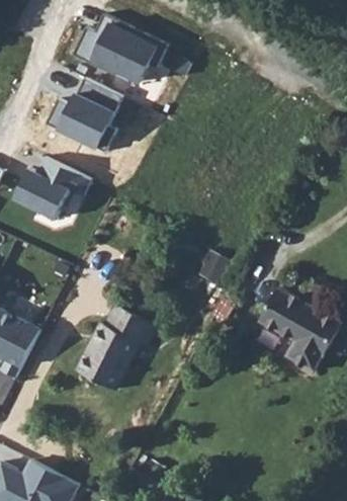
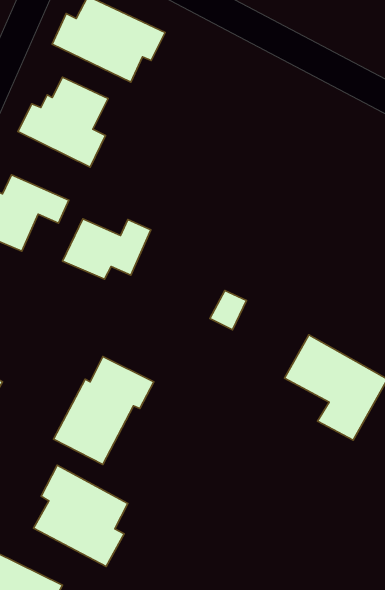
building: none -> [63,219,151,279]
building: none -> [34,465,128,567]

